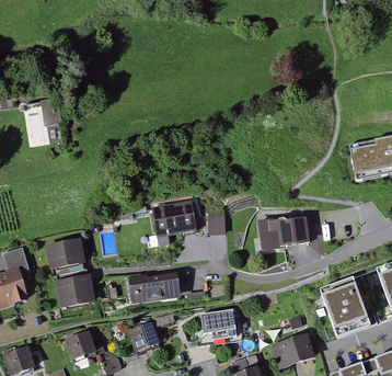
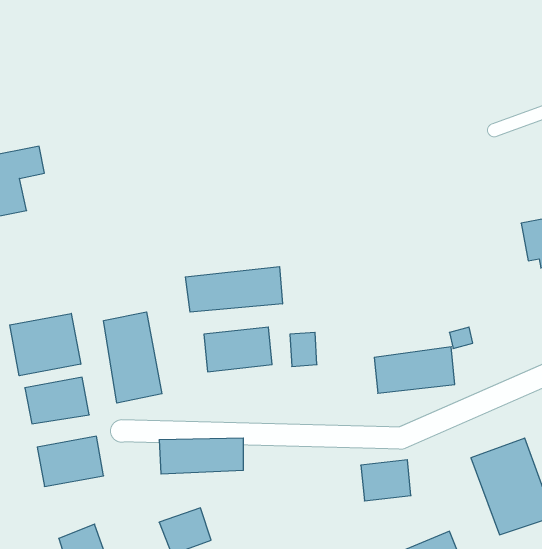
building: none -> [185,267,282,312]
building: none -> [104,312,162,403]
building: none -> [10,313,81,376]
building: [203,312,233,338] -> [361,460,411,501]

